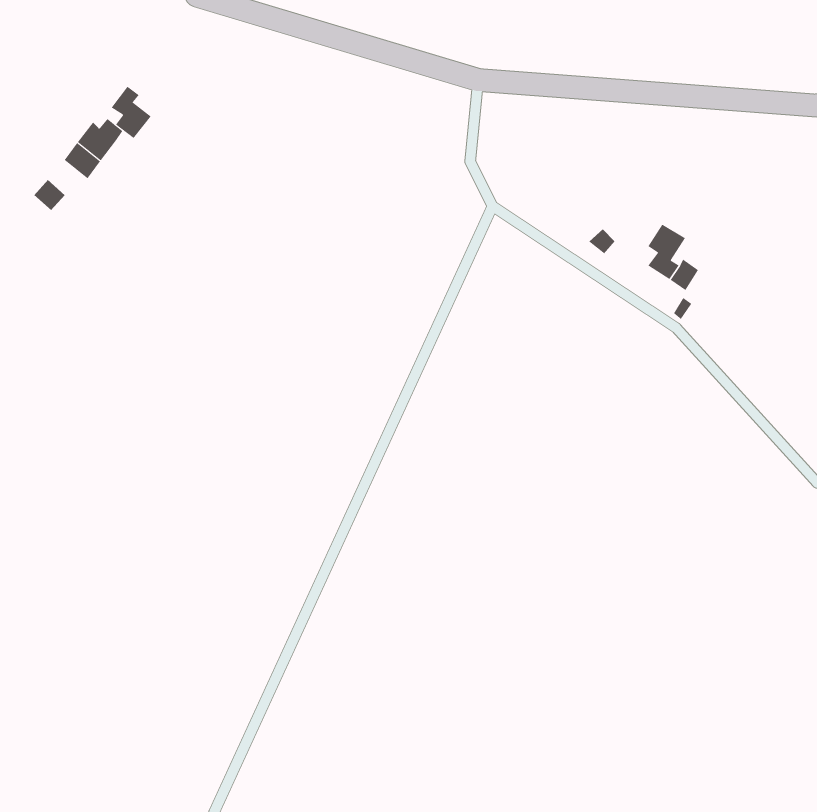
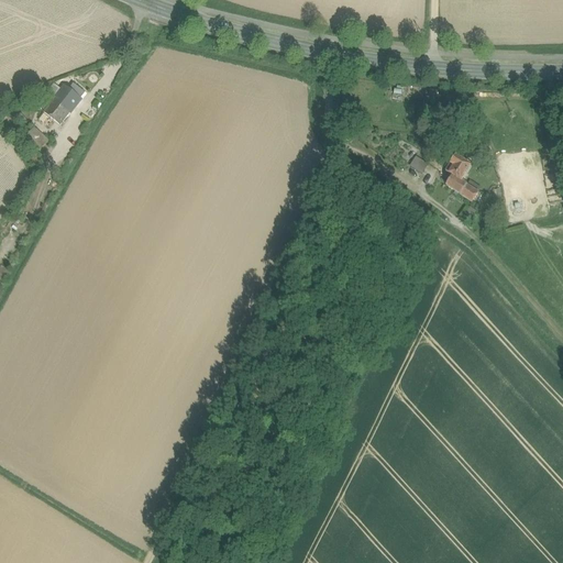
building: [111,86,152,139] -> none

